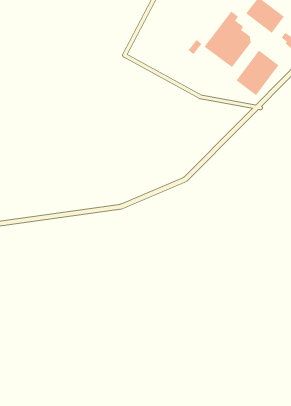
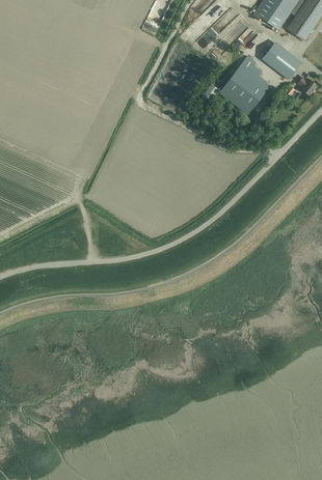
building: [235,49,280,96] -> none

